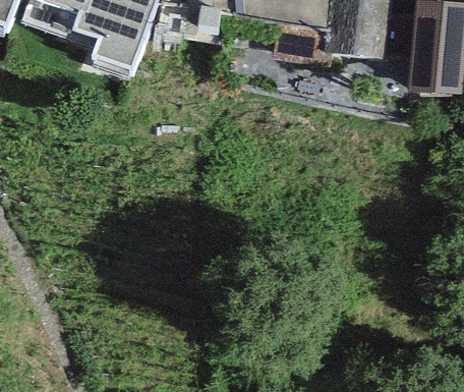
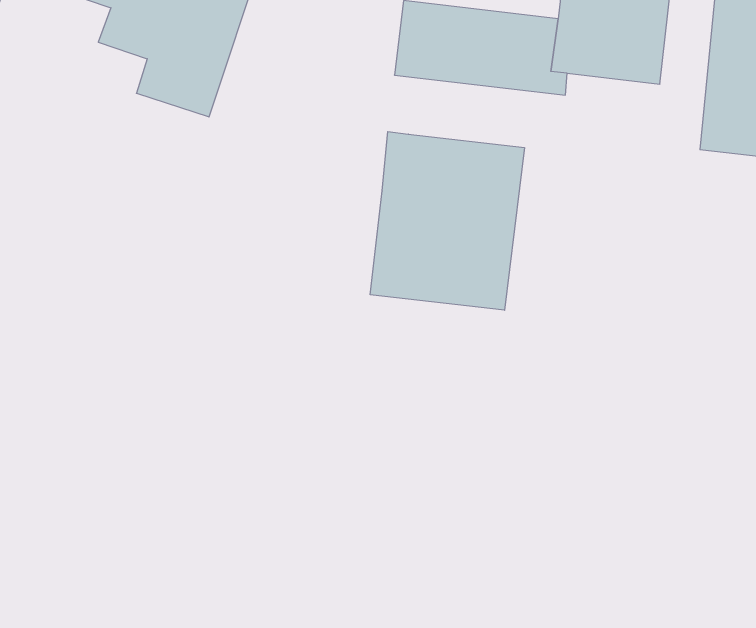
building: none -> [370,132,524,310]

